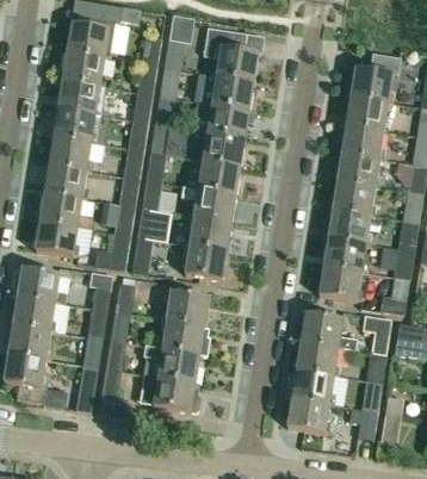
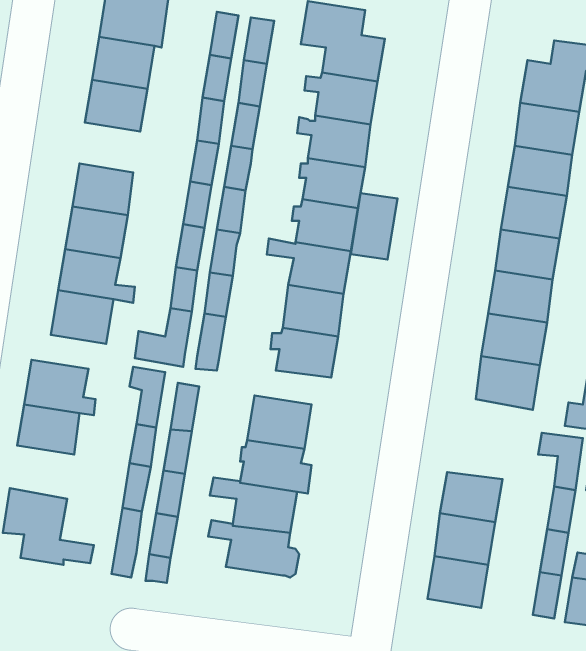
building: [55,107,100,142] -> none
building: none -> [351,193,397,259]
building: [301,312,357,349] -> none
building: [8,323,51,359] -> none

